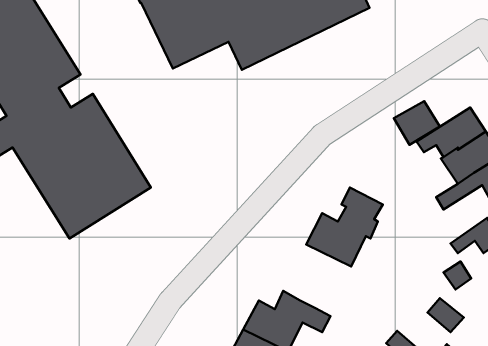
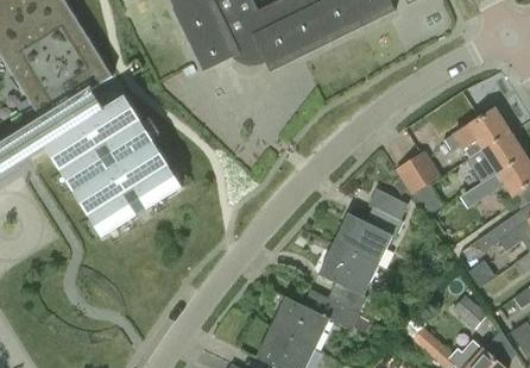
building: [394,101,440,145] -> [395,151,440,194]
building: none -> [317,243,377,313]

